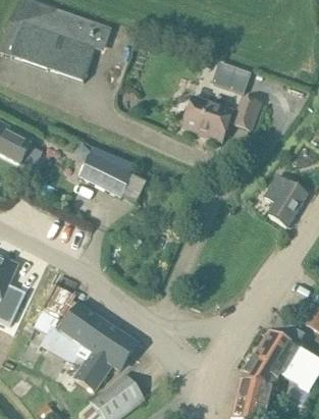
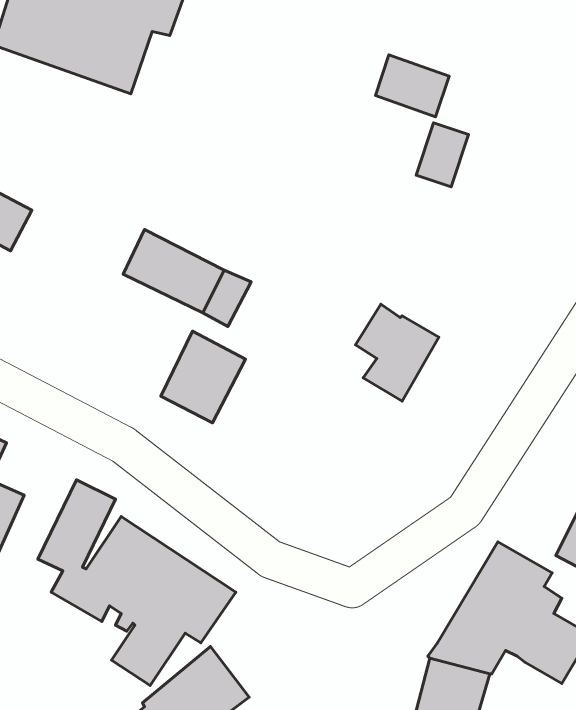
building: [181,95,232,141] -> none
building: [263,174,307,225] -> [355,304,439,401]
building: none -> [161,331,246,423]

